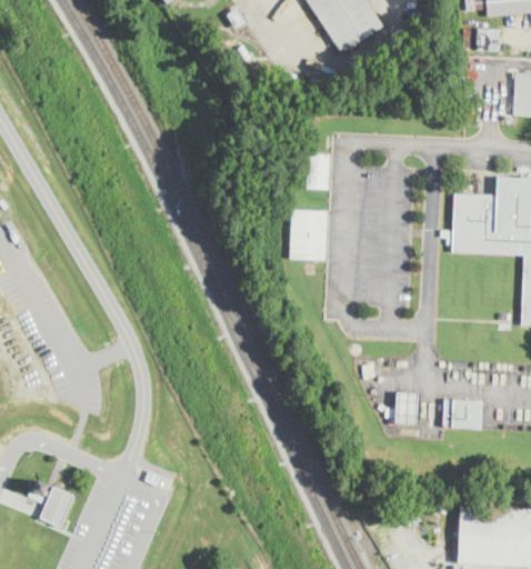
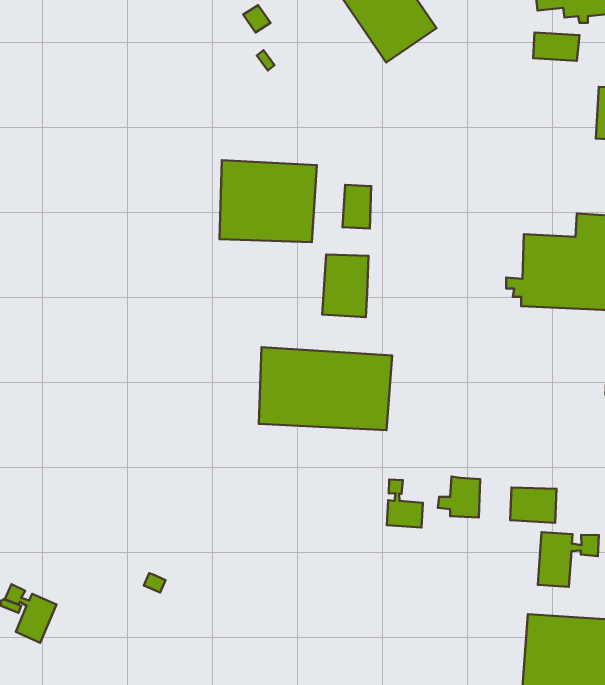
building: none -> [219,160,317,242]
building: none -> [259,347,392,430]
building: none -> [387,480,423,527]
building: none -> [538,532,599,587]

